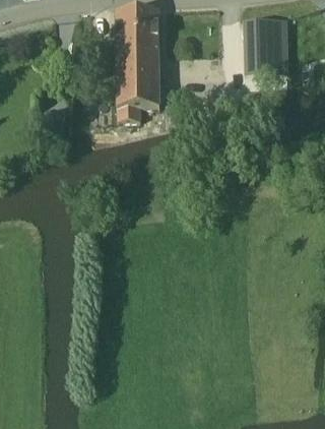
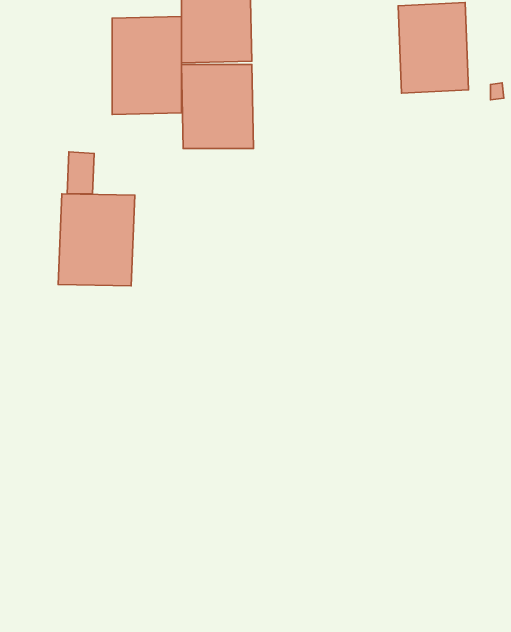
building: none -> [112,16,181,115]
building: none -> [58,194,135,286]

